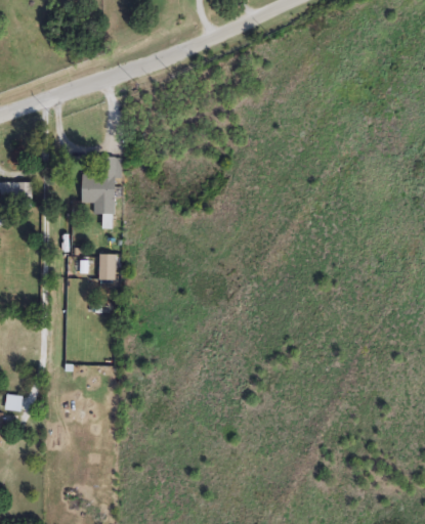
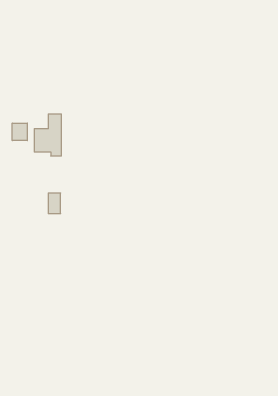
building: none -> [12,123,27,141]

